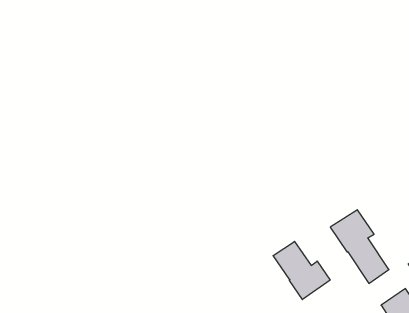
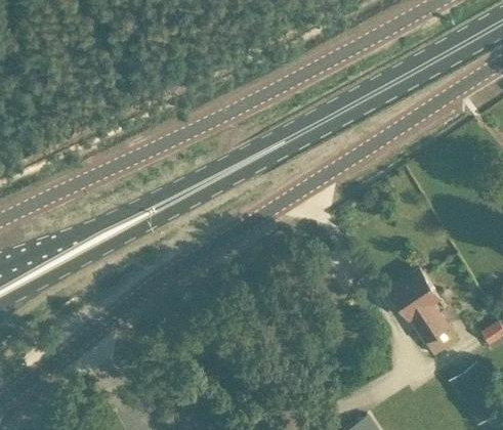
building: [273,241,330,300] -> none

